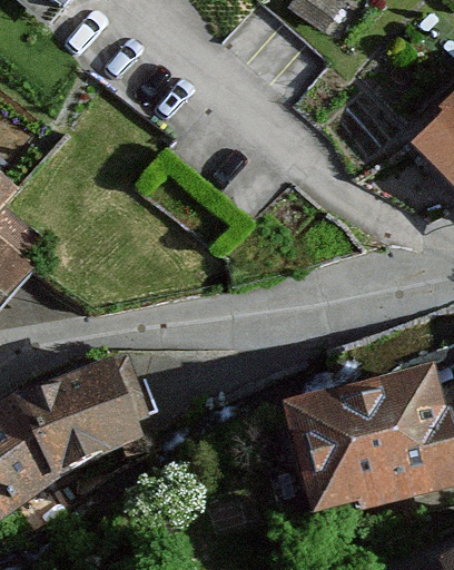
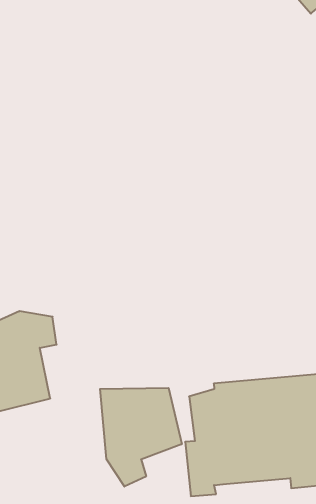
building: none -> [100,388,182,487]

